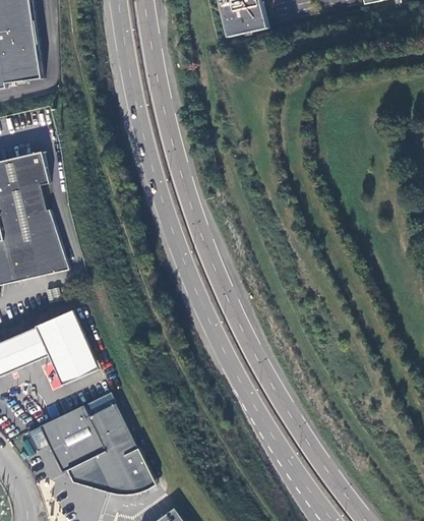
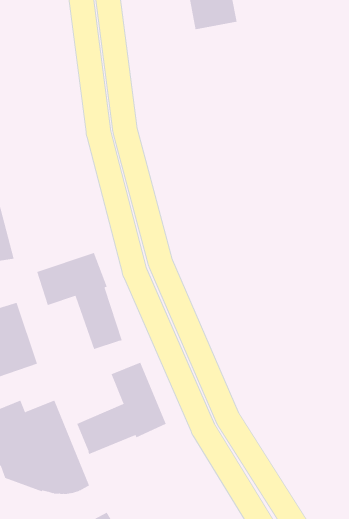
building: none -> [37,252,123,350]
building: none -> [77,362,166,455]

